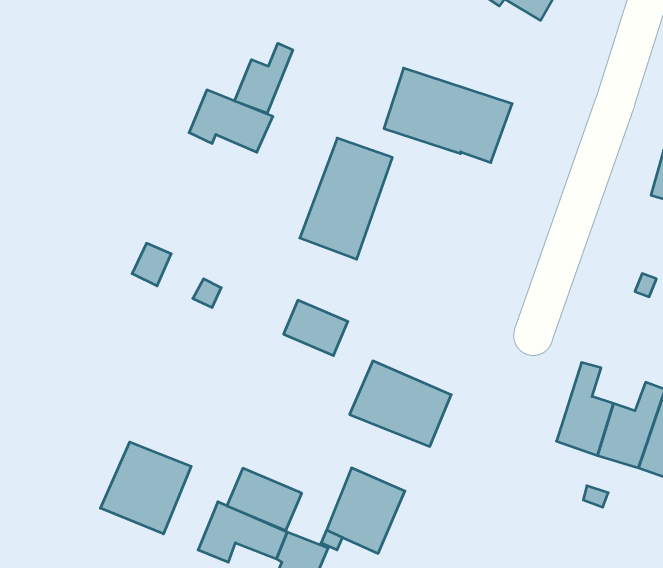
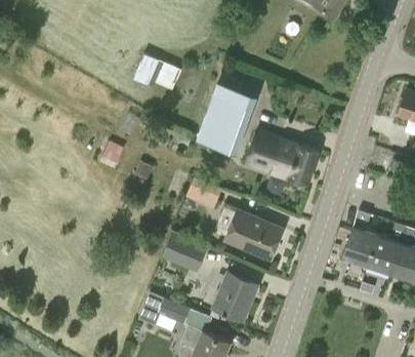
building: [234,43,293,113] -> none
building: [384,68,512,163] -> [245,130,319,185]
building: [100,442,191,534] -> none
building: [227,468,302,531] -> [162,234,205,270]

